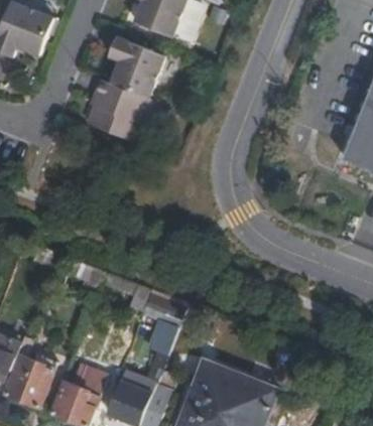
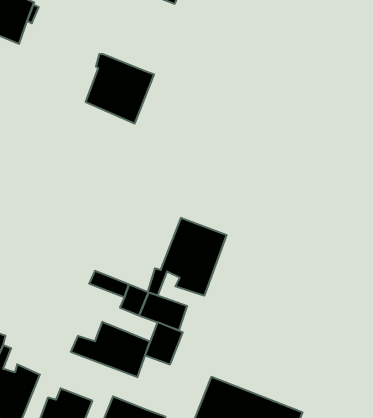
building: [107,36,159,94] -> none
building: none -> [148,218,227,296]
building: none -> [71,322,150,377]

